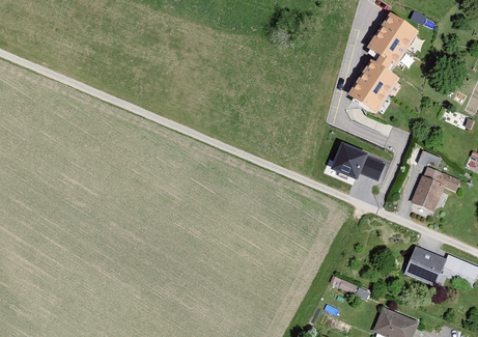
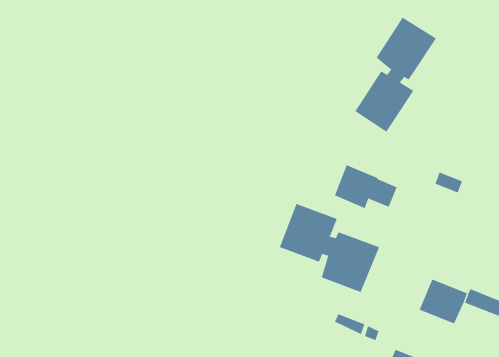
building: [411,168,459,215] -> none
building: none -> [279,203,380,293]

